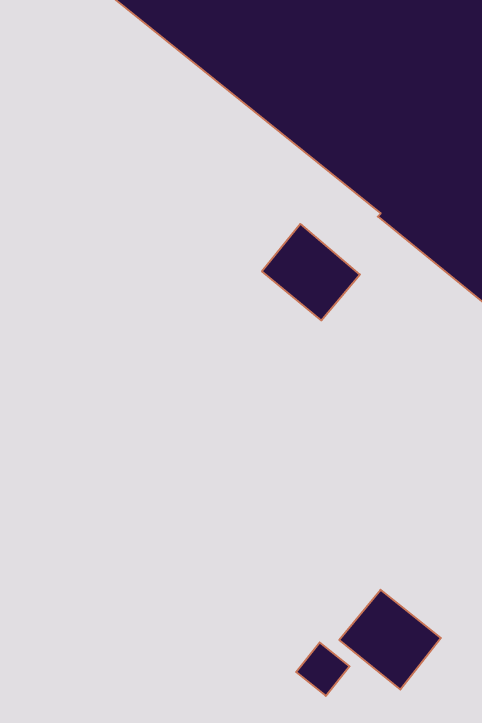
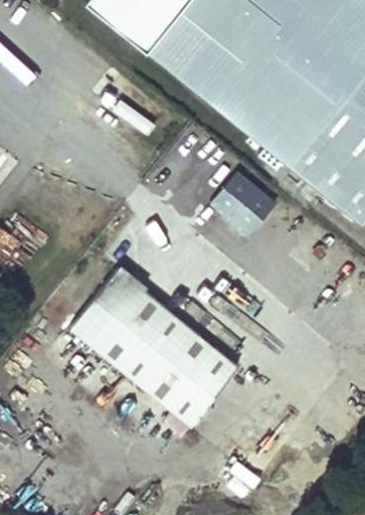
building: none -> [68,268,236,424]
building: [339,590,441,690] -> none

